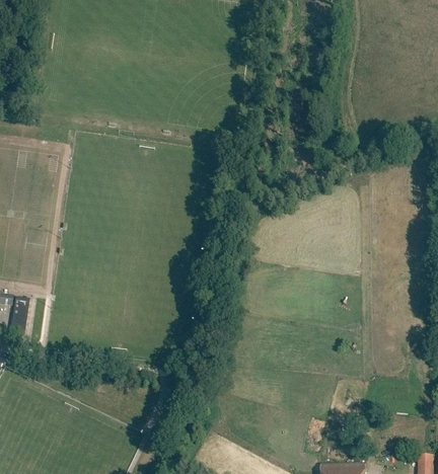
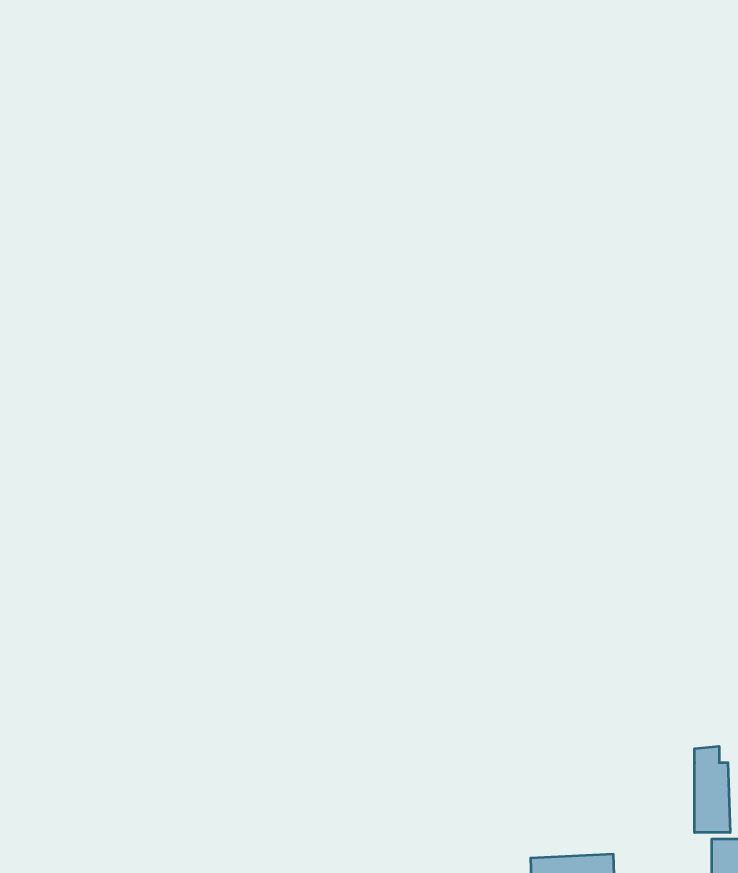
building: none -> [695,746,730,833]

